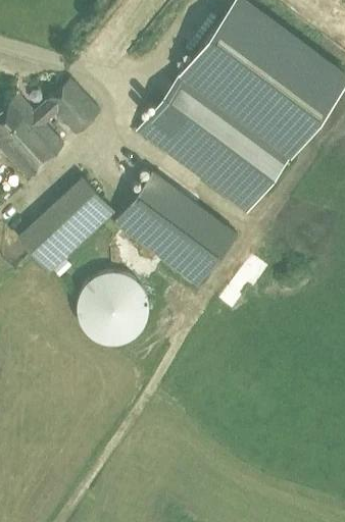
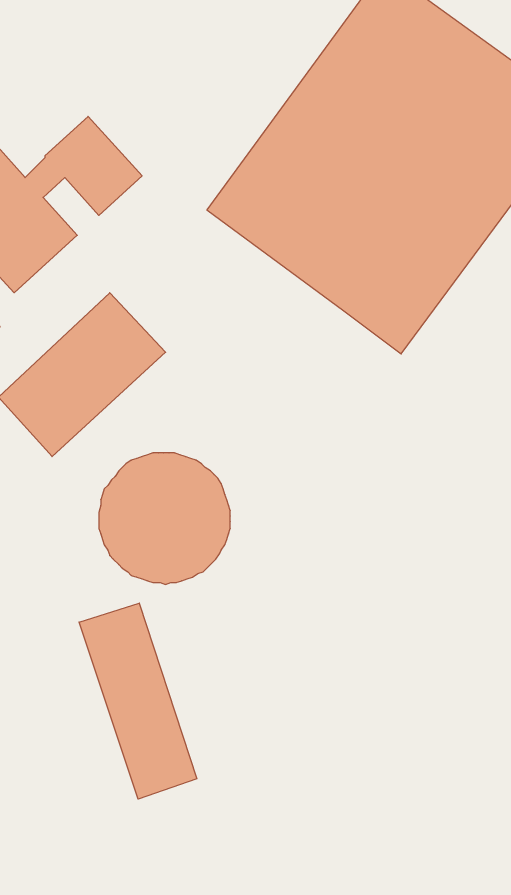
building: [114,173,236,286] -> none
building: none -> [79,603,197,799]

